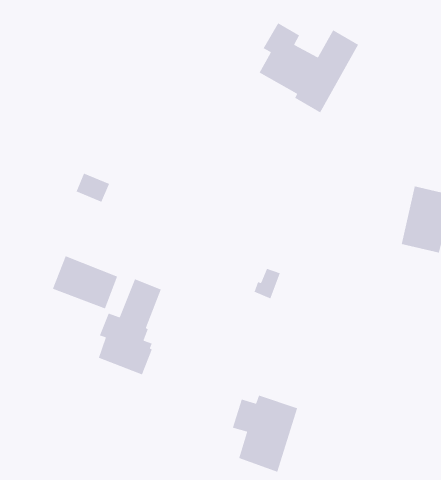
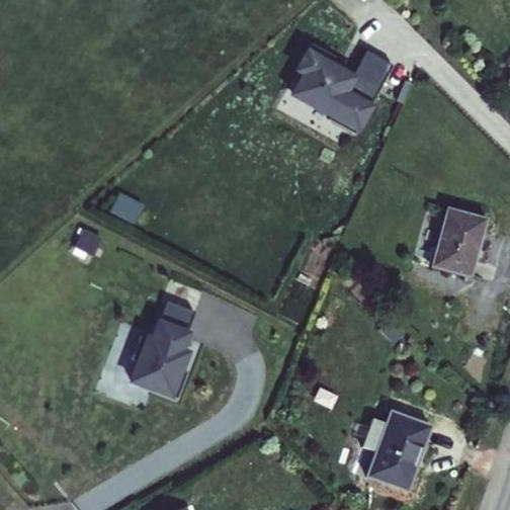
building: [52,255,118,309] -> none
building: [232,395,298,473] -> [370,410,436,488]

